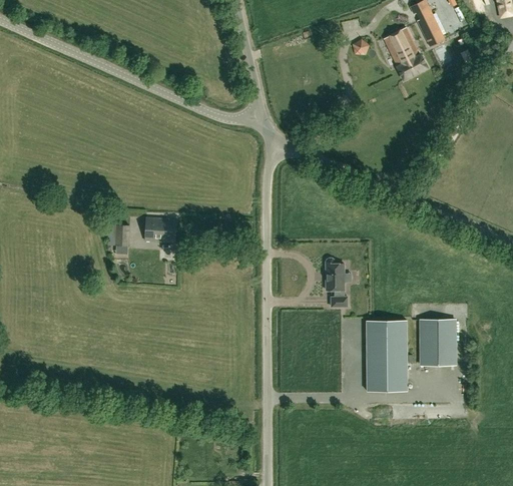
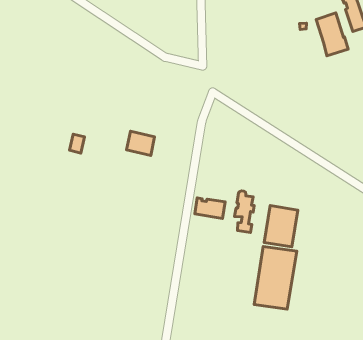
building: [145,216,176,241] -> [126,131,155,155]
building: none -> [195,198,225,218]
building: [421,319,455,364] -> [264,206,298,247]

